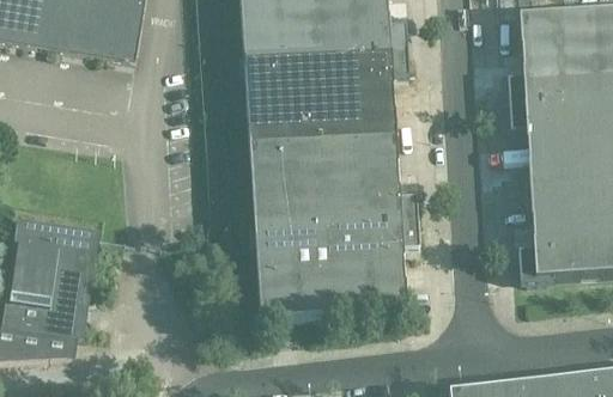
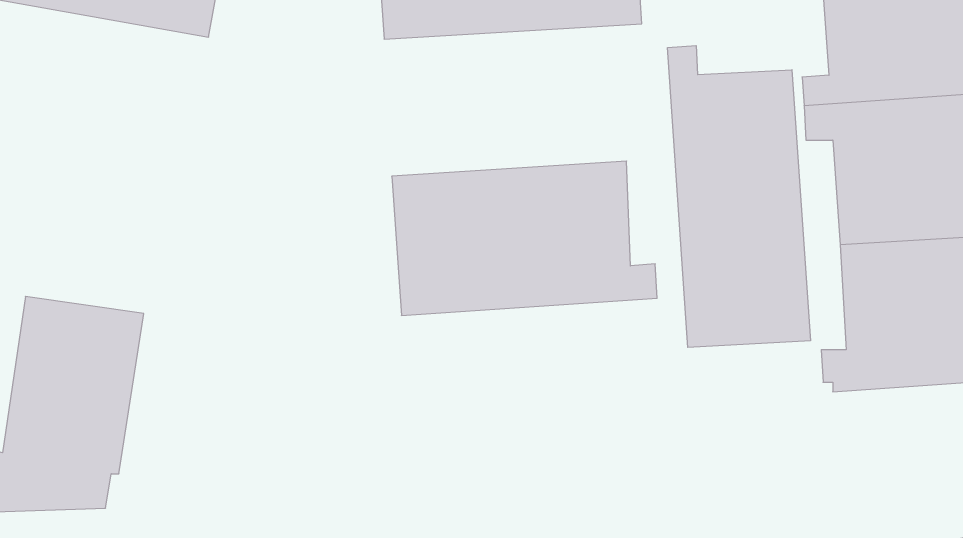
building: [244,49,407,145] -> none
building: none -> [668,46,810,347]
building: [255,221,417,318] -> none

